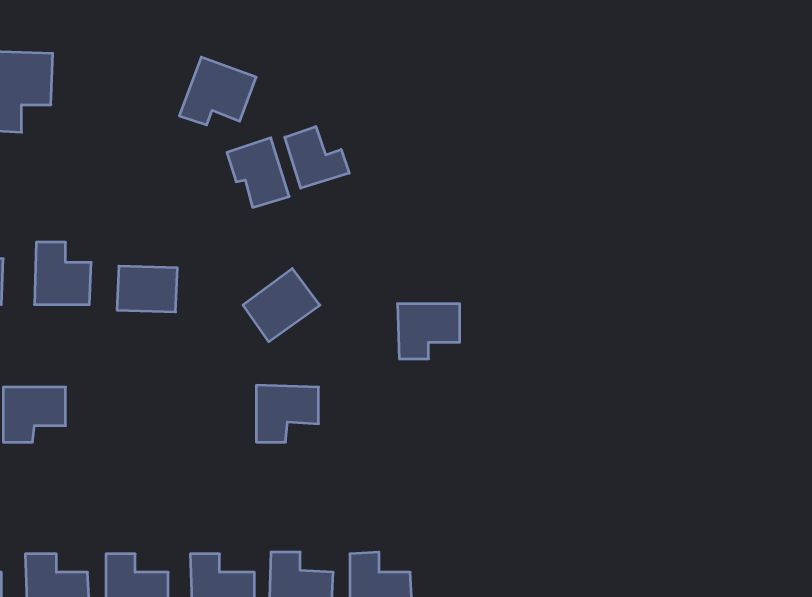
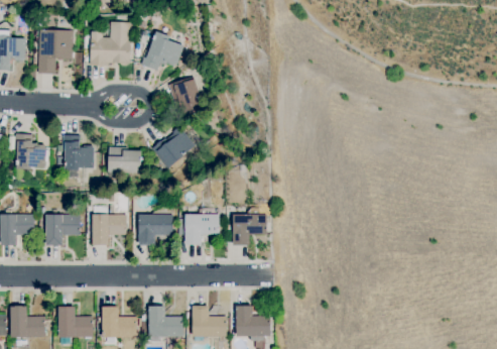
building: none -> [90,22,131,65]
building: [285,126,349,188] -> none
building: [243,268,320,342] -> [152,128,195,168]
building: [397,304,460,359] -> [232,215,266,245]
building: none -> [92,215,126,245]
building: none -> [138,215,172,246]

